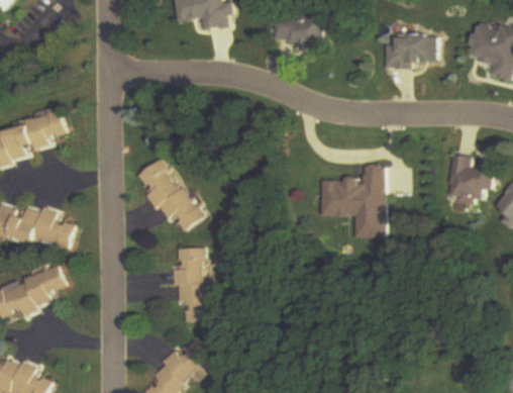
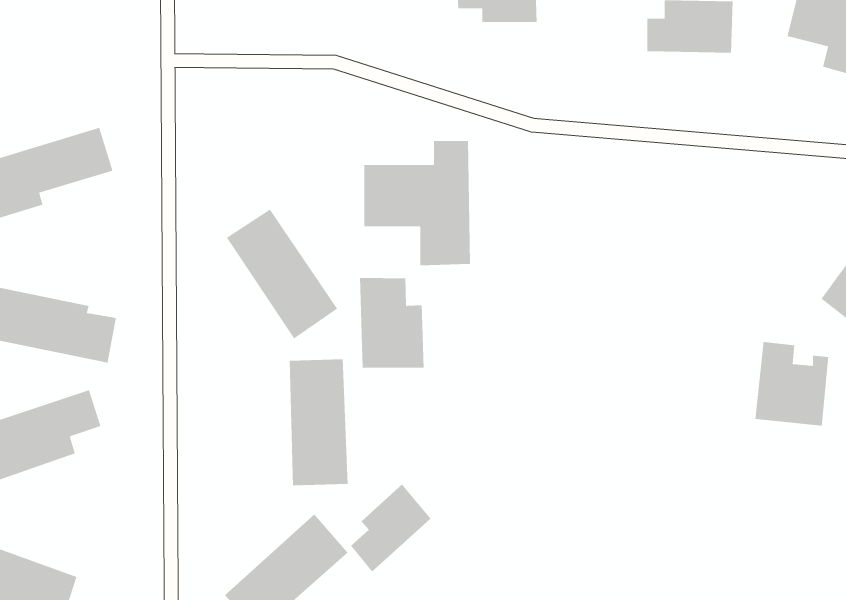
building: [446,154,491,204] -> [754,341,829,426]
building: [321,165,385,239] -> [363,140,471,266]
building: none -> [359,277,425,369]
building: none -> [350,484,431,572]

